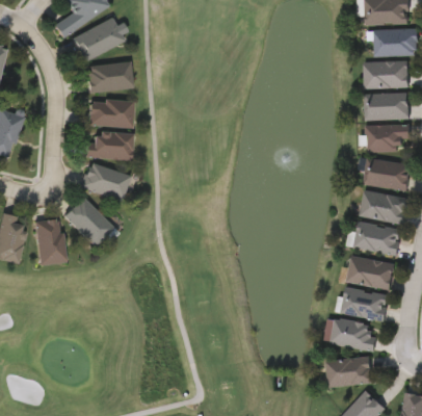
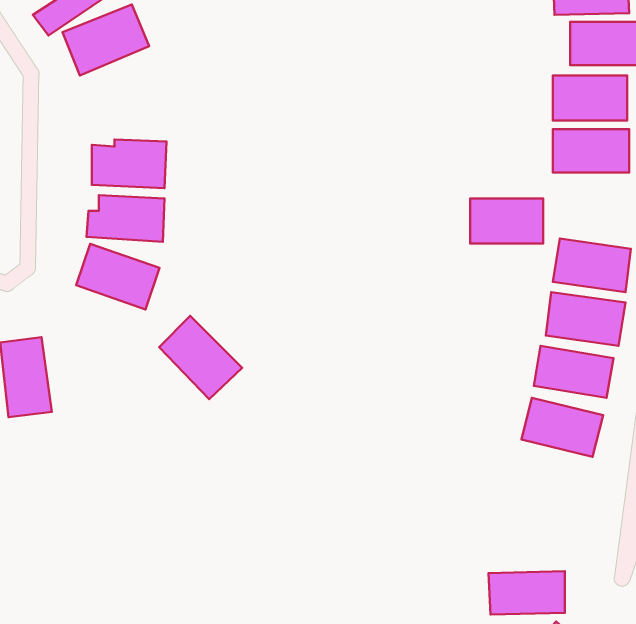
building: [87,62,134,93] -> none
building: [369,125,413,152] -> [470,198,543,244]
building: [65,198,115,248] -> [159,316,242,399]
building: [342,288,390,319] -> none
building: [329,318,380,350] -> none

